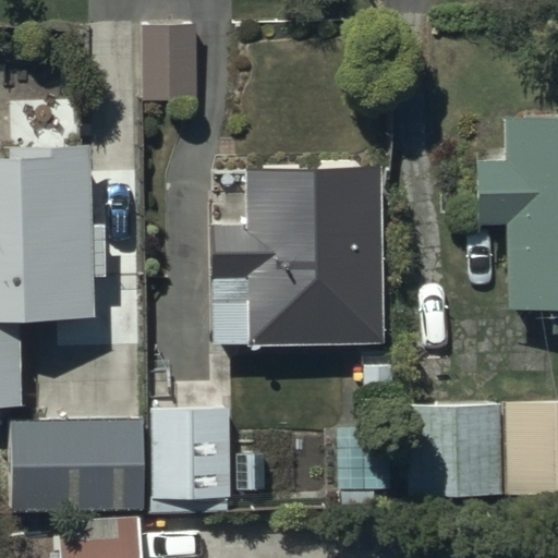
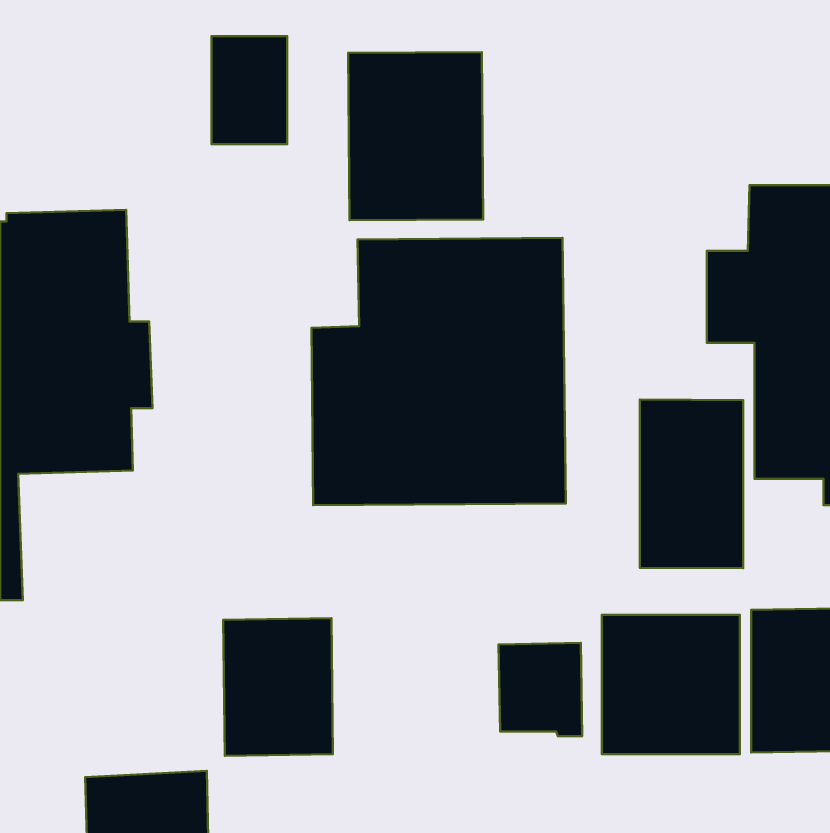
building: none -> [348,52,483,220]
building: none -> [640,400,743,568]
building: [12,417,144,510] -> none

